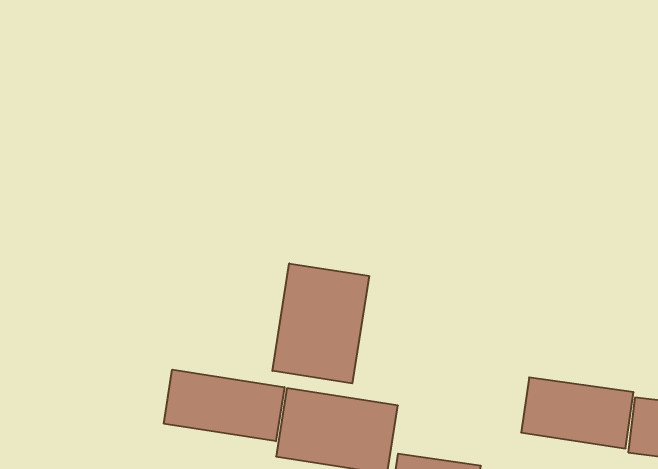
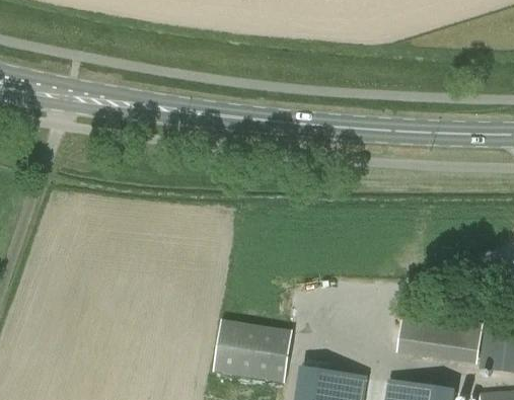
building: [272,263,369,383] -> none
building: [164,370,284,441] -> none

